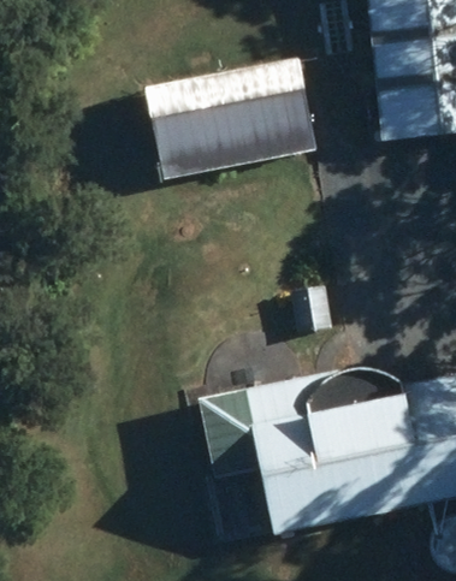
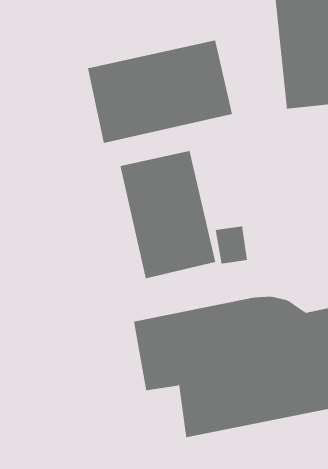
building: none -> [120,150,216,279]

